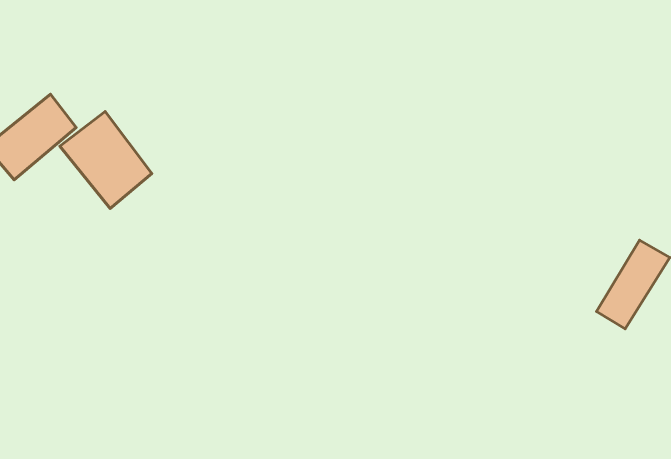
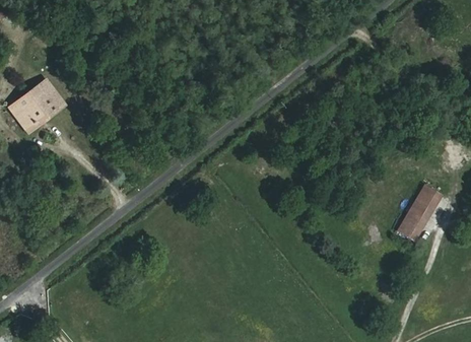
building: [60,112,152,208] -> none

